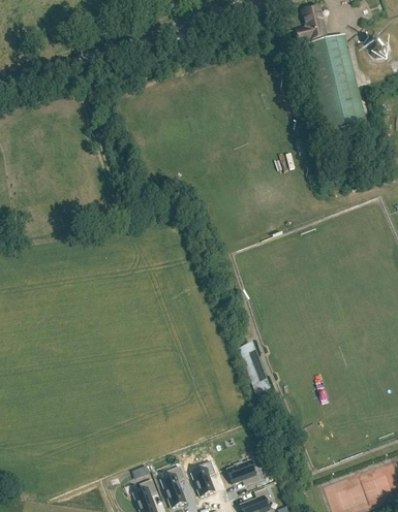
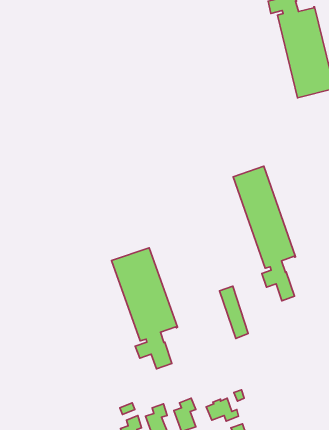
building: none -> [233,166,295,301]
building: none -> [111,248,177,369]

